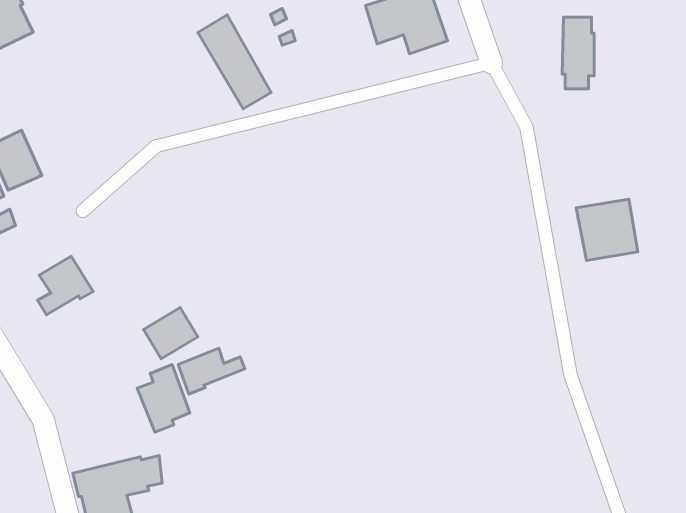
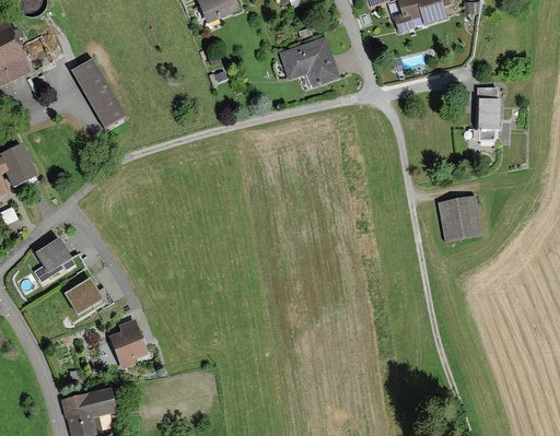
building: [198,15,271,109] -> [70,57,125,127]
building: [562,17,594,89] -> [476,86,500,140]
building: [144,308,198,359] -> [63,276,104,315]
building: [178,348,245,394] -> none

